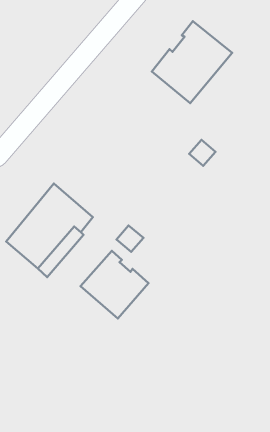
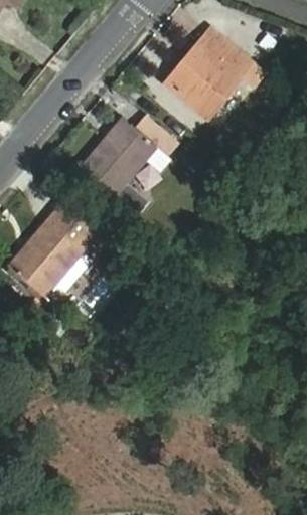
building: none -> [79,114,178,215]
building: [80,251,149,319] -> none

